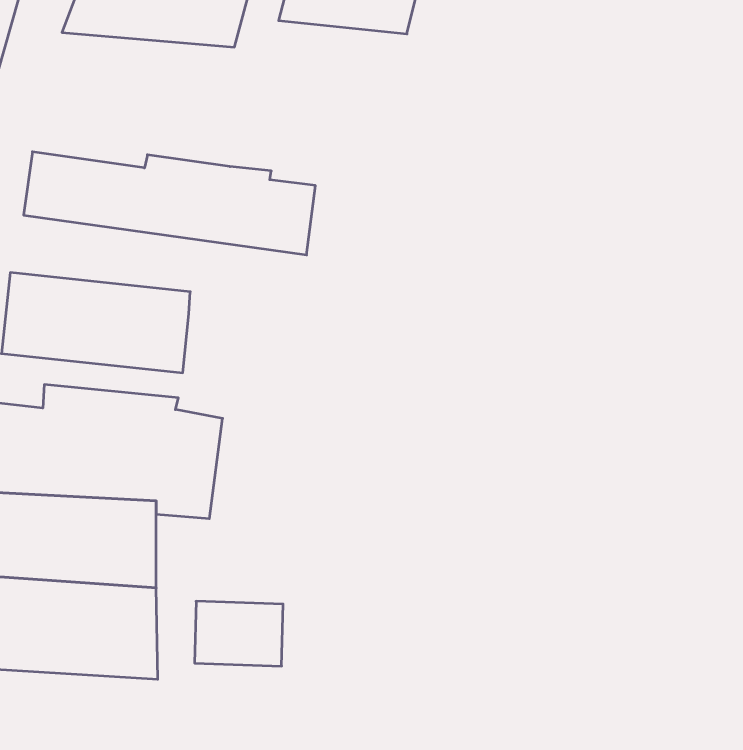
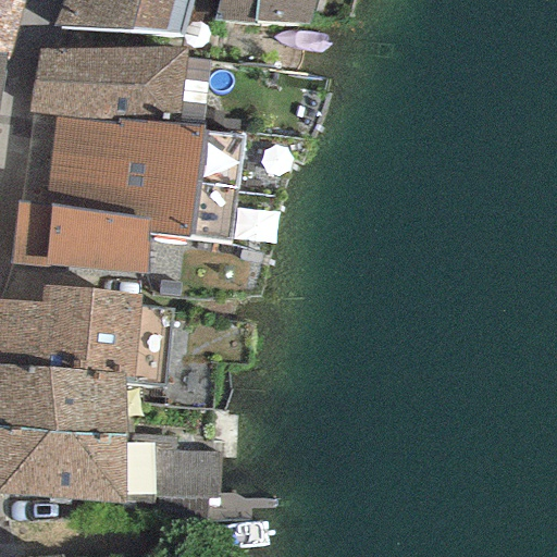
building: none -> [17,46,178,124]
building: none -> [8,159,226,240]

